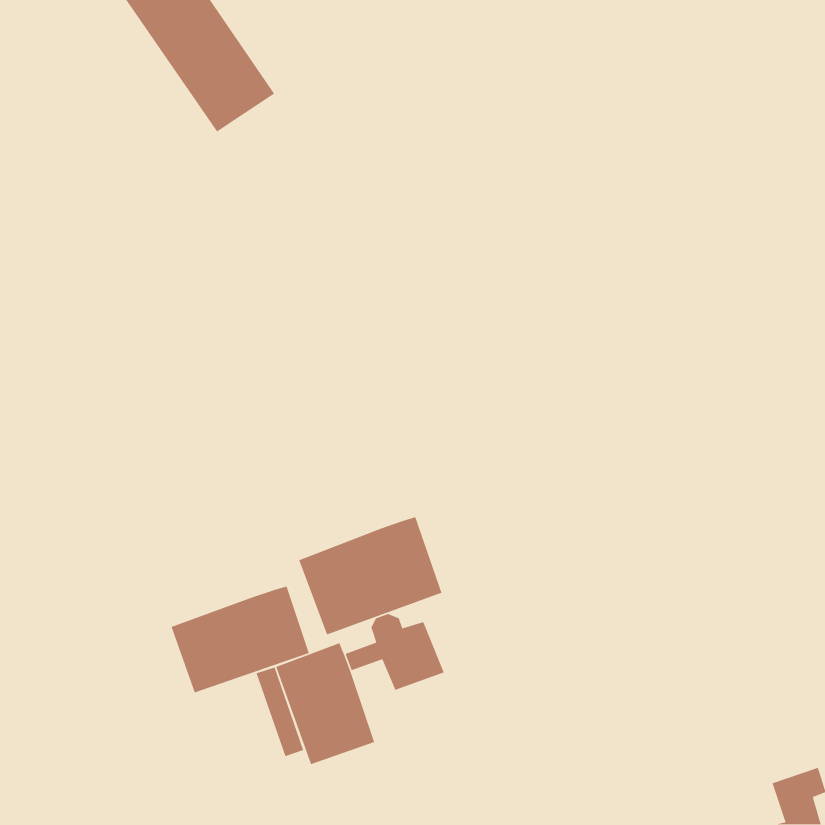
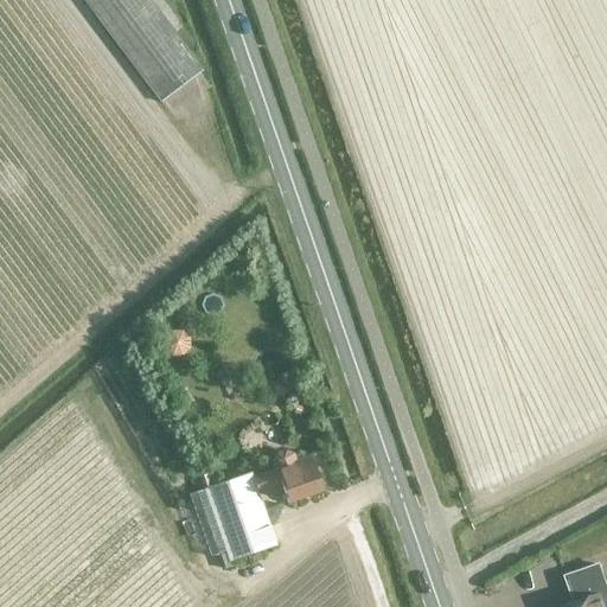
building: [298,516,443,636] -> none
building: [170,585,310,693] -> none

